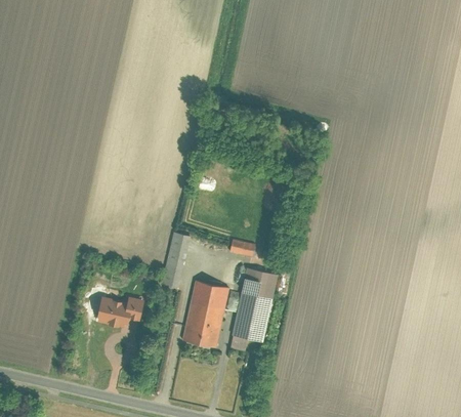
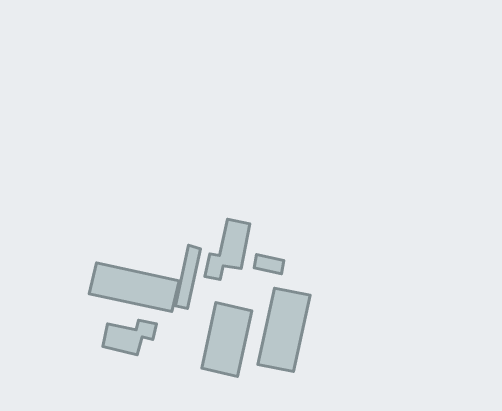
building: none -> [205,219,250,279]
building: none -> [89,263,179,312]

